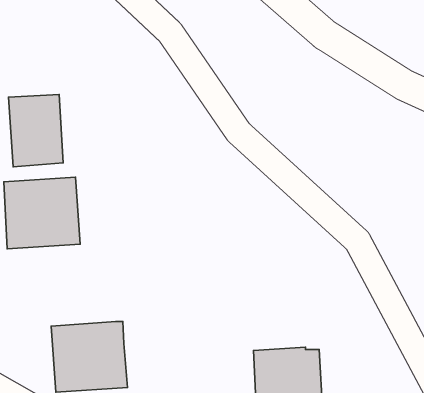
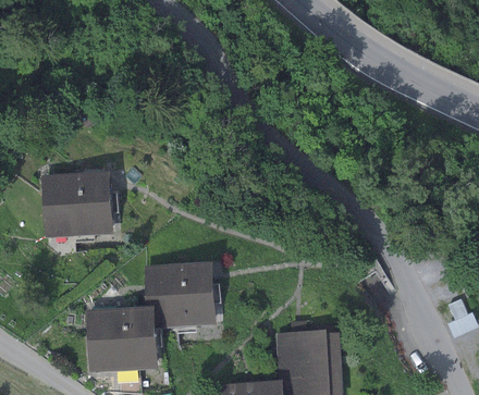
building: [9,94,63,167] -> none
building: none -> [145,262,216,328]

